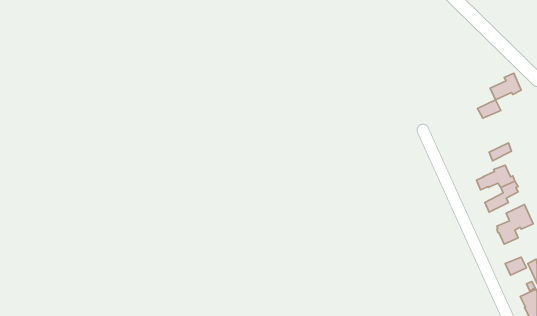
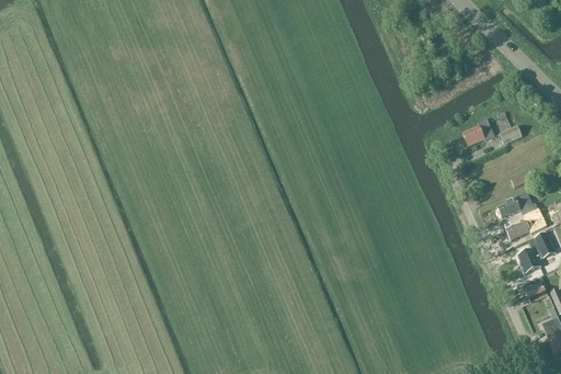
building: [490,73,521,100] -> [462,117,494,145]

